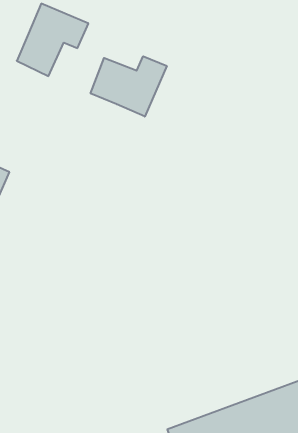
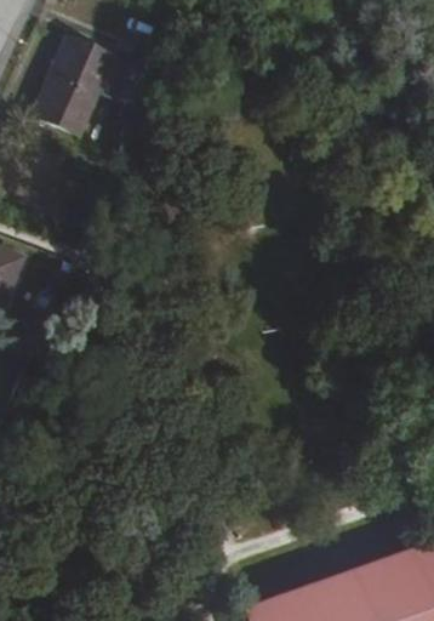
building: [91,56,167,117] -> none

